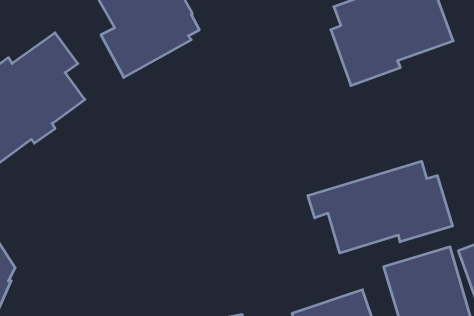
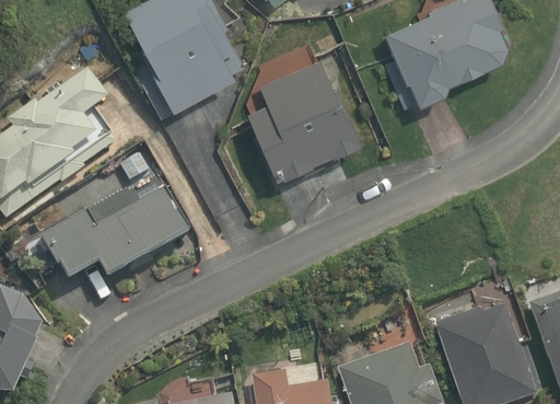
building: none -> [248,56,371,183]
building: none -> [34,181,182,272]
building: [308,161,453,253] -> none

